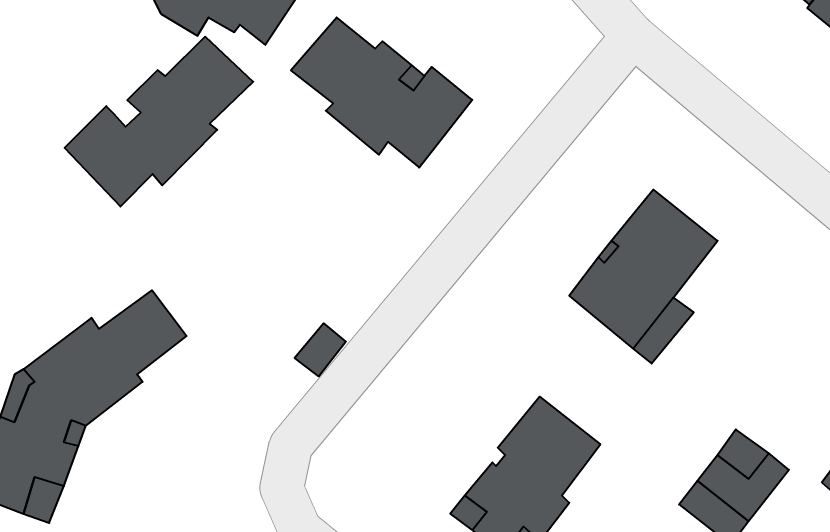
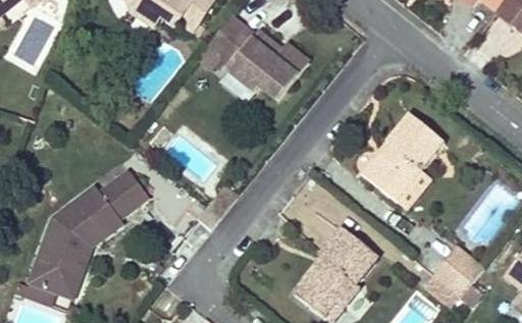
building: [65,37,253,207] -> none

